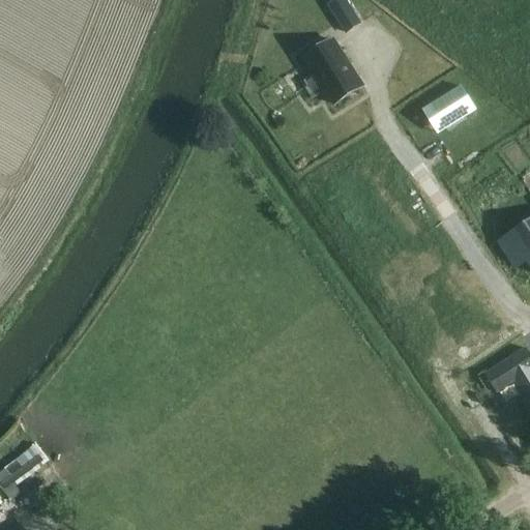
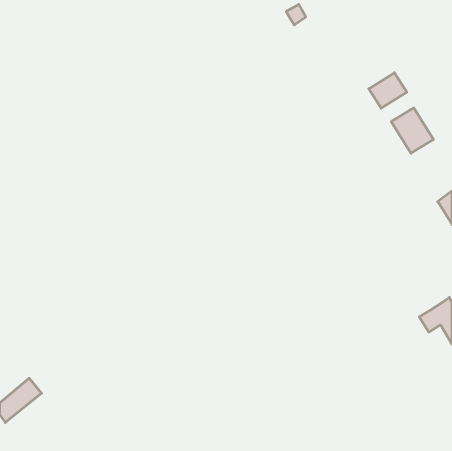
building: [304,38,362,102] -> none
building: none -> [391,108,433,153]

